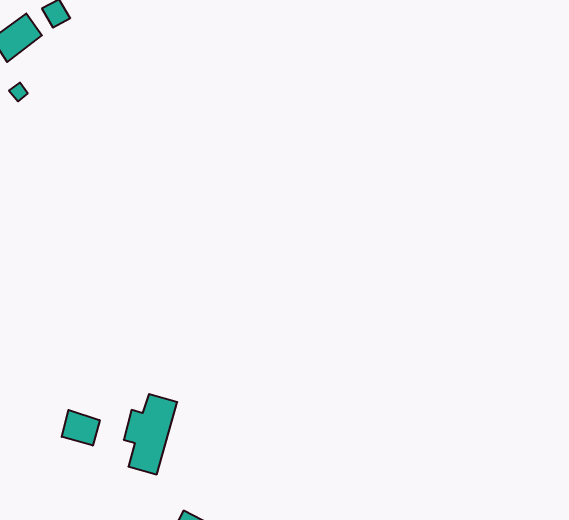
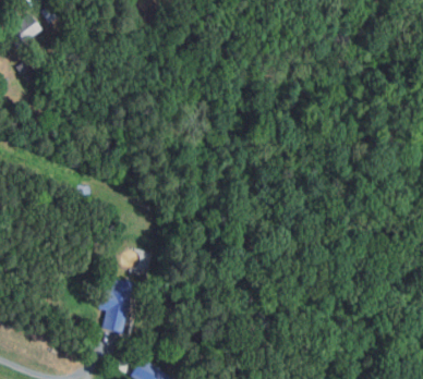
building: [62,410,100,446] -> none

